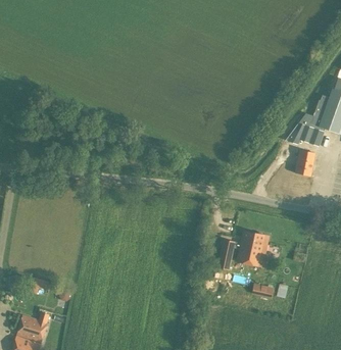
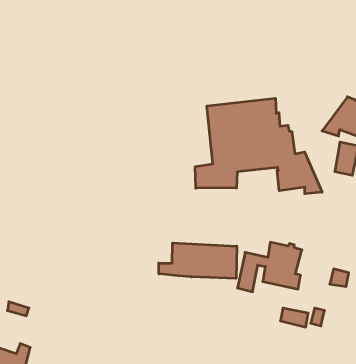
building: none -> [195,98,322,194]
building: none -> [159,243,237,278]

